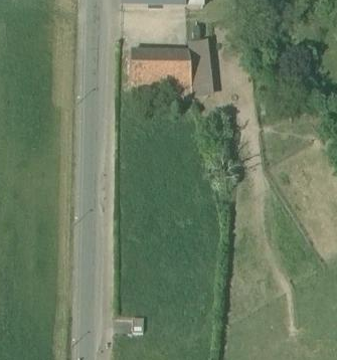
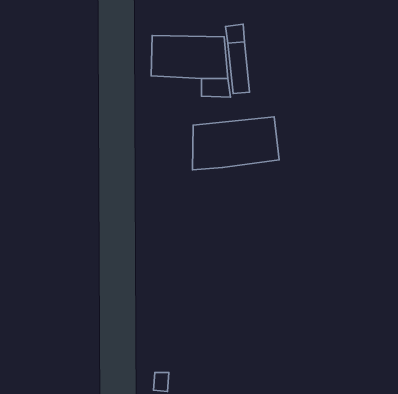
building: none -> [193,117,279,170]

